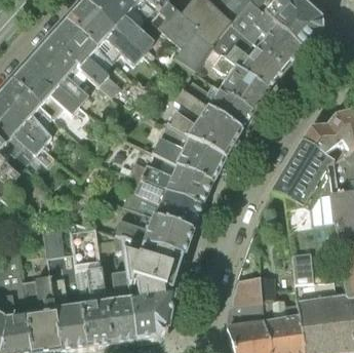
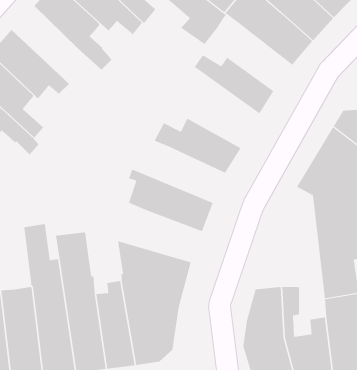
building: [32,38,89,104] -> none
building: [213,51,269,110] -> none
building: [166,88,241,158] -> none
building: [129,157,212,204] -> none
building: [115,210,193,254] -> none

